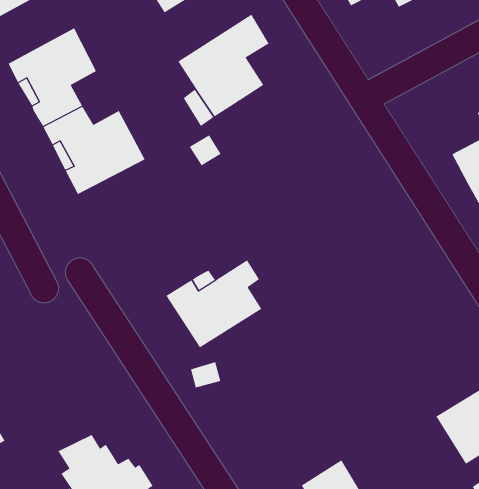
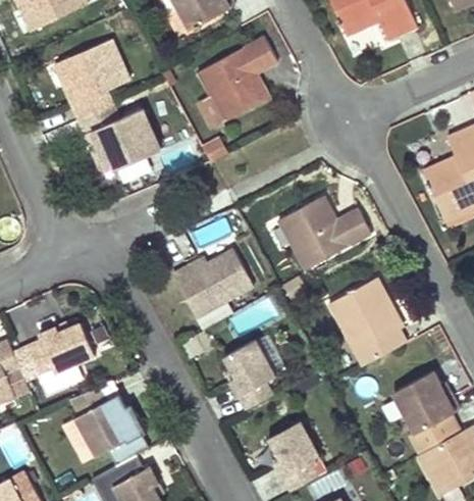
building: none -> [277,196,370,270]
building: none -> [330,275,410,365]
building: none -> [28,318,94,373]
building: none -> [224,338,277,408]

